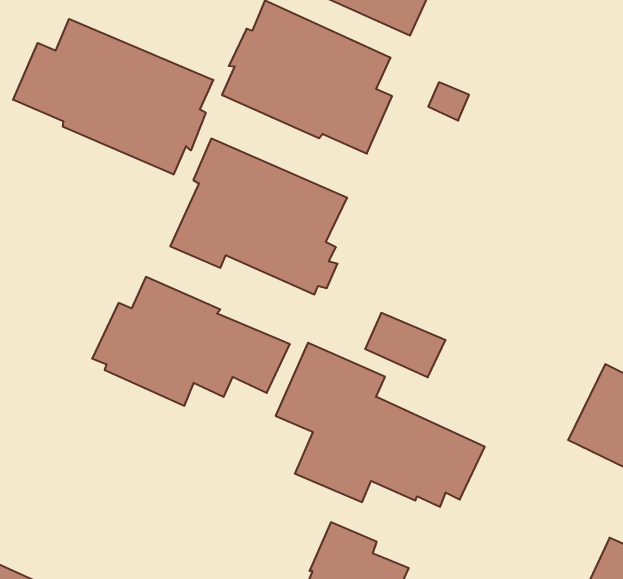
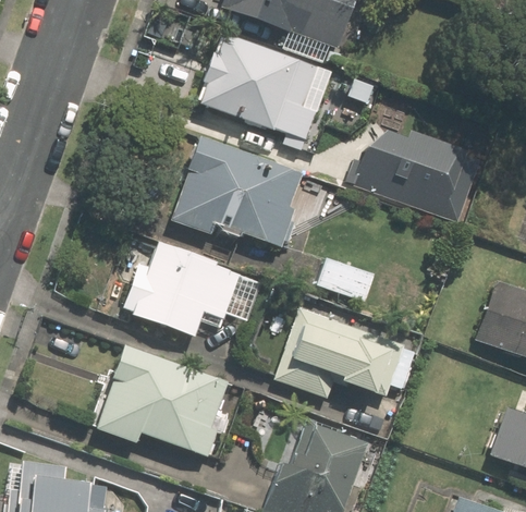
building: [13,19,213,175] -> none
building: none -> [346,121,480,215]
building: none -> [98,348,231,459]

